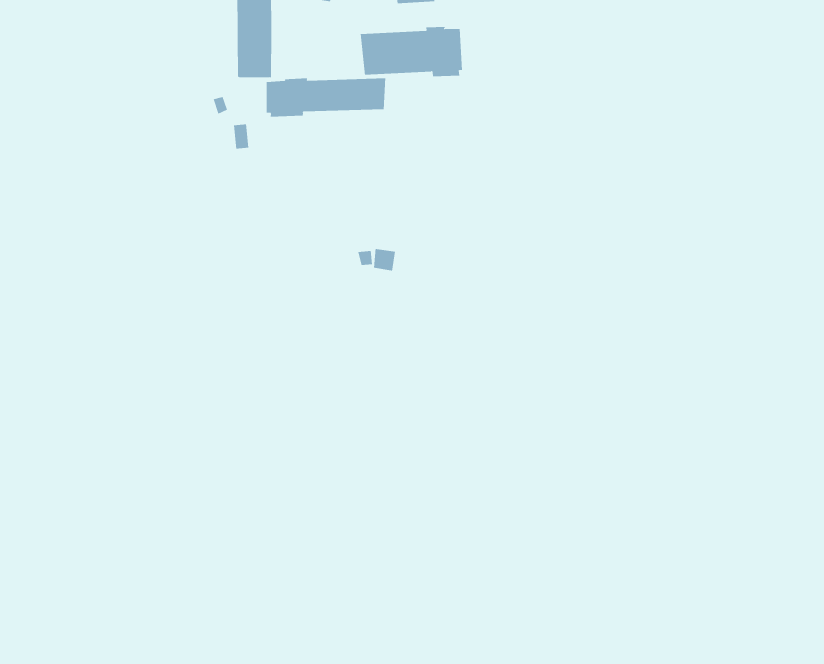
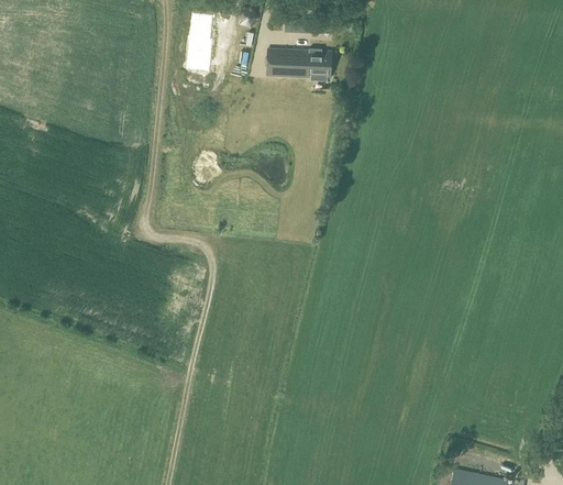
building: [266,77,386,118] -> none

